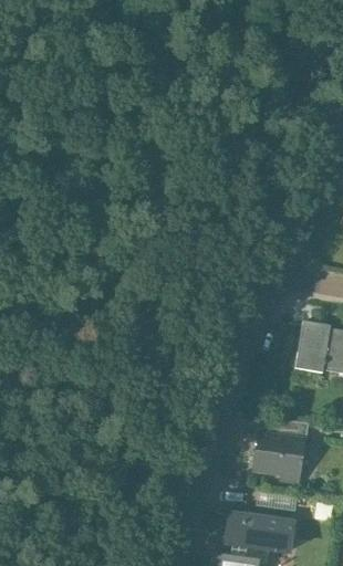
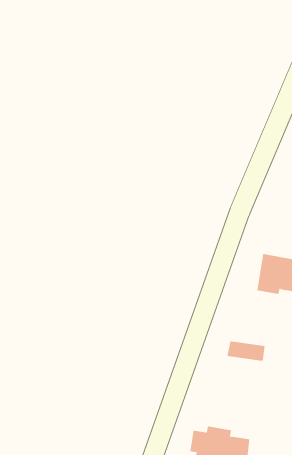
building: [253,433,303,475] -> none

